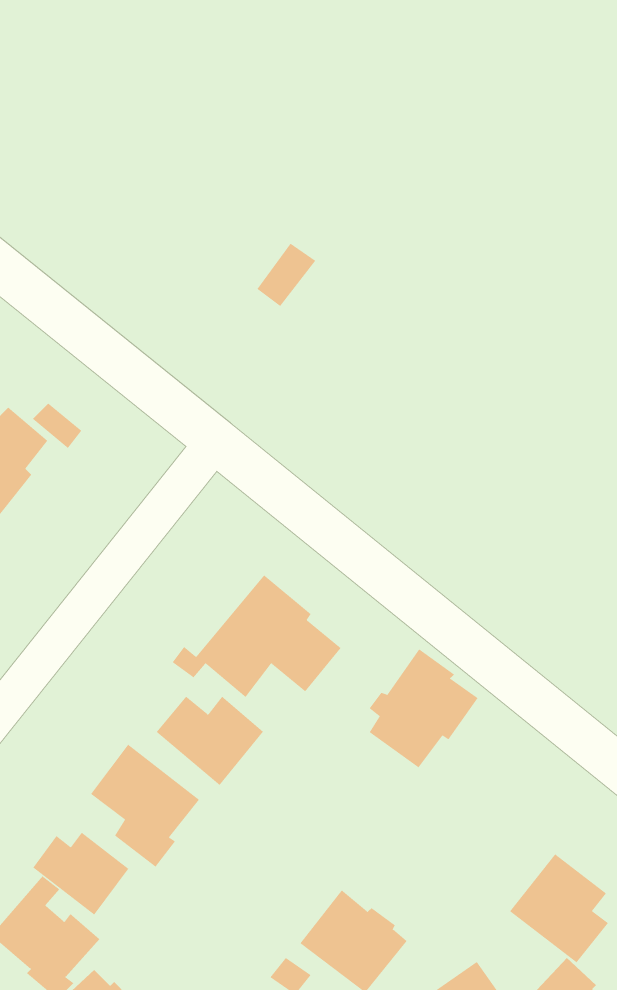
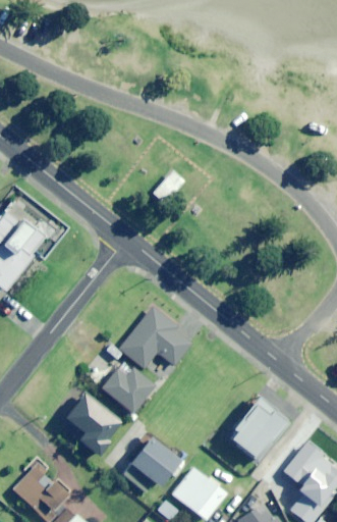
building: [256,243,316,307] -> [155,171,185,204]
building: [369,648,479,768] -> [231,397,287,458]
building: none -> [125,436,184,491]
building: [32,832,129,916] -> none

